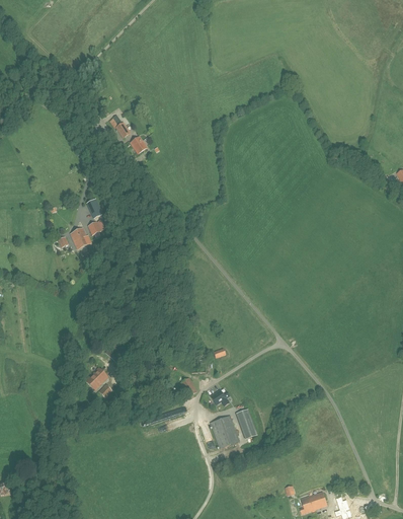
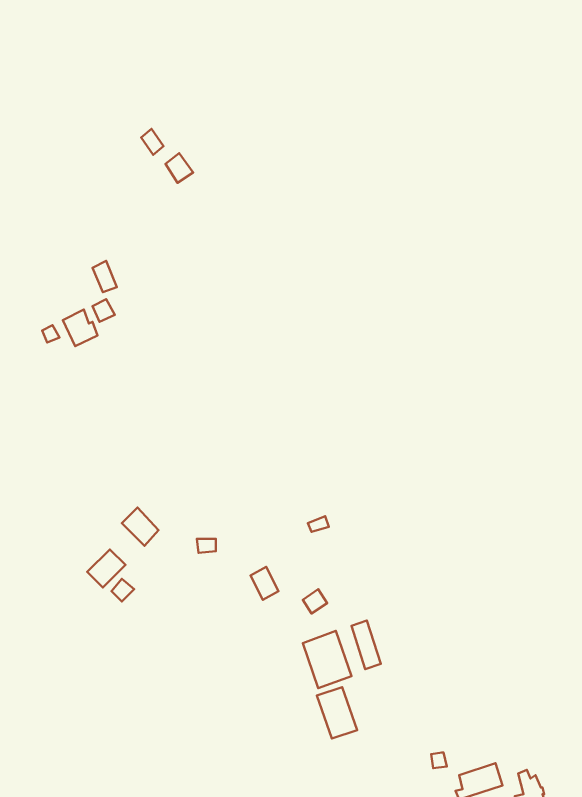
building: none -> [317,687,357,738]

